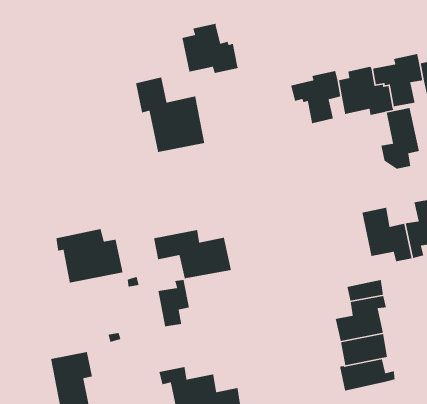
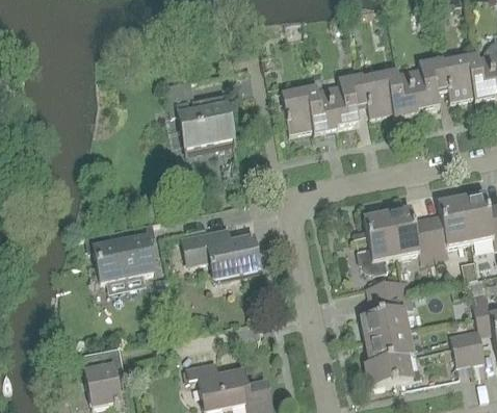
building: [181,23,239,74] -> [283,84,339,134]
building: [381,107,420,170] -> [358,212,396,274]
building: [157,279,190,327] -> none

